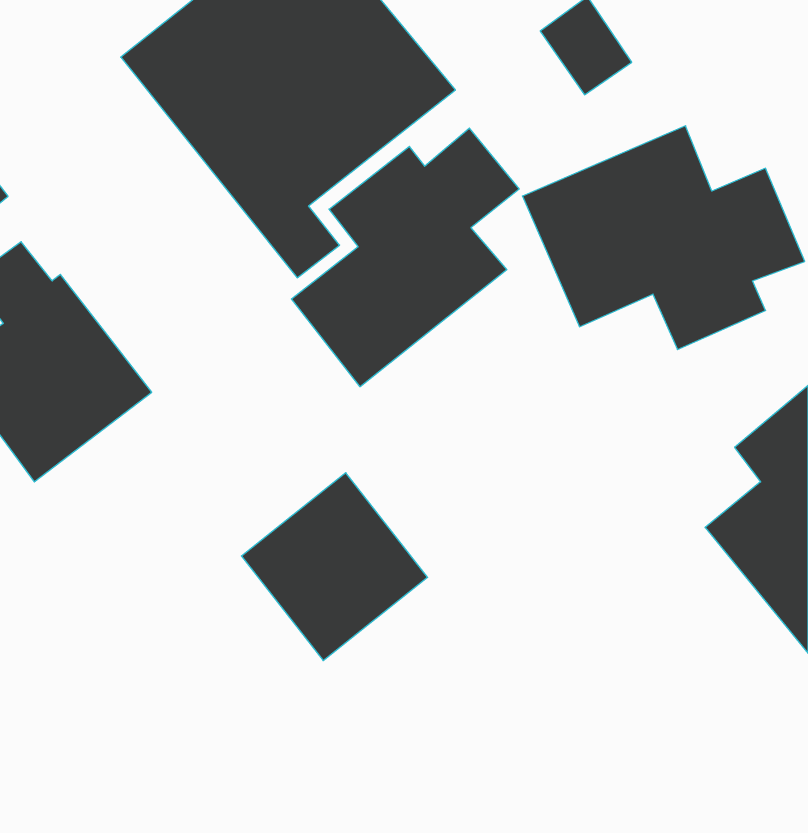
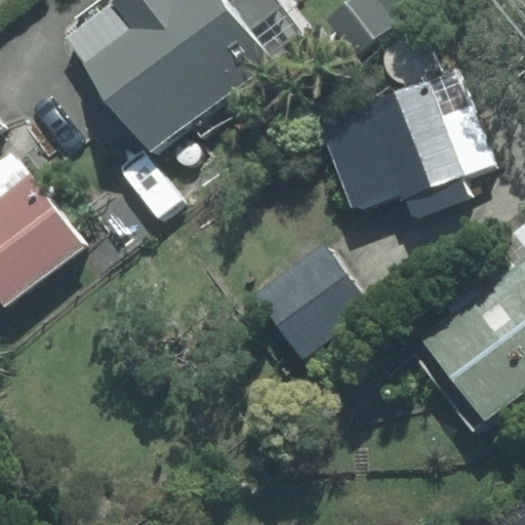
building: [291,128,519,387] -> none
building: [241,473,428,661] -> [260,241,377,359]

